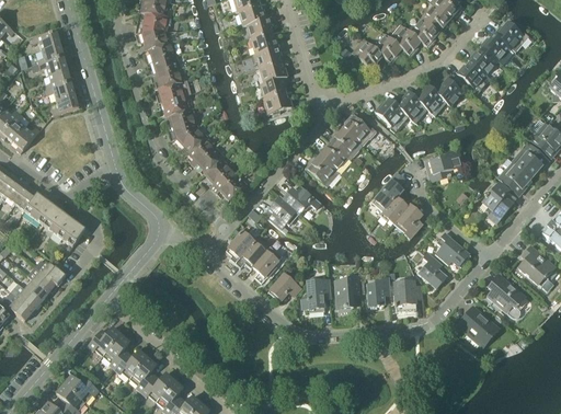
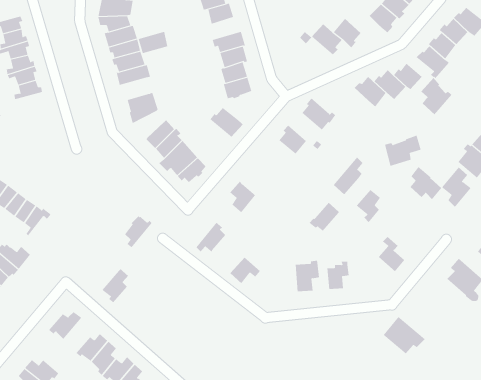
building: [390,23,421,56] -> none
building: [248,31,282,54] -> none
building: none -> [421,77,452,115]
building: [159,93,190,116] -> [138,31,168,54]
building: [375,99,409,133] -> none
building: [169,126,204,153] -> none
building: [329,128,363,160] -> none
building: [306,156,340,186] -> [210,107,243,138]
building: [283,187,321,214] -> none
building: [380,194,411,223] -> [309,202,339,231]
building: [228,230,256,263] -> [124,216,153,248]
building: [436,232,469,266] -> [409,166,442,200]
building: [253,246,282,283] -> none
building: [302,278,330,309] -> none
building: [394,280,422,310] -> none
building: [457,306,500,344] -> [383,316,425,354]
building: [103,334,130,369] -> [102,268,129,303]

